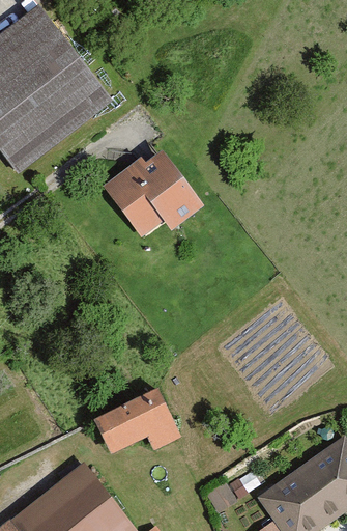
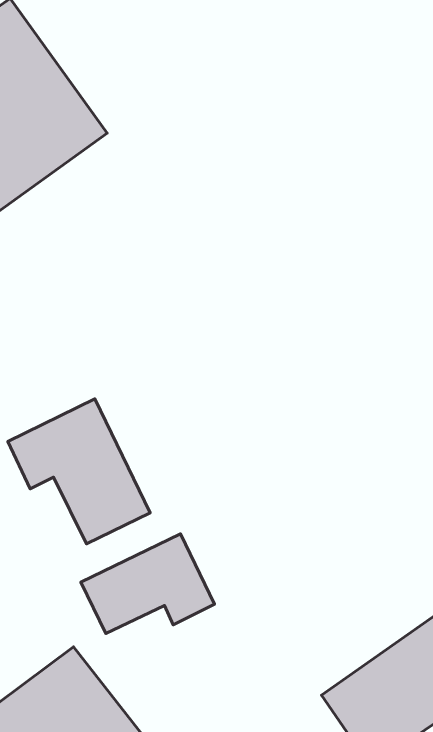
building: [103,148,200,247] -> none
building: none -> [8,399,150,544]

